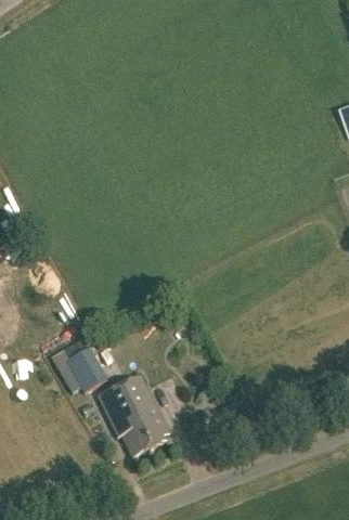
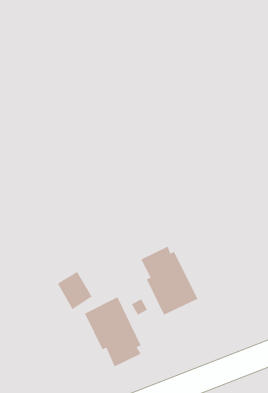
building: none -> [140,246,198,315]

